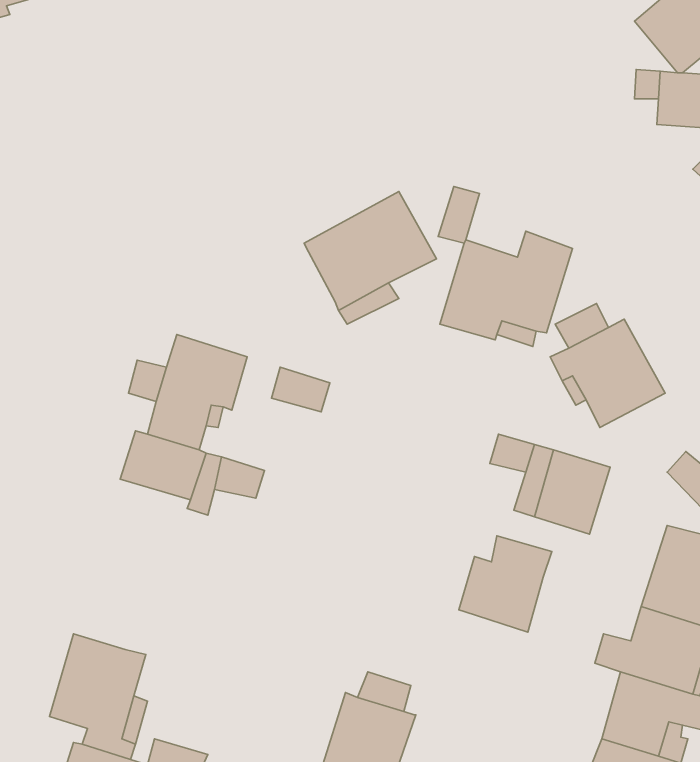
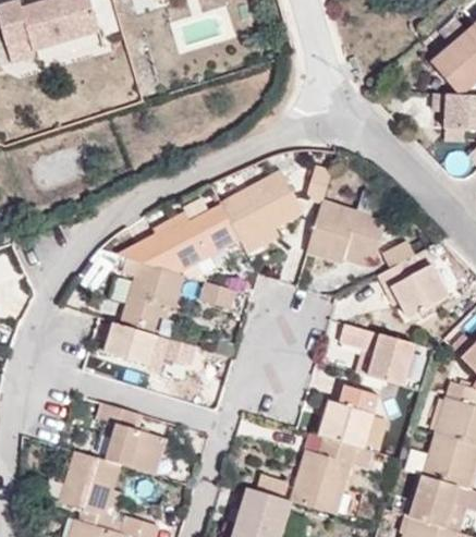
building: none -> [120,205,241,272]
building: none -> [102,402,167,474]
building: none -> [291,436,373,515]

